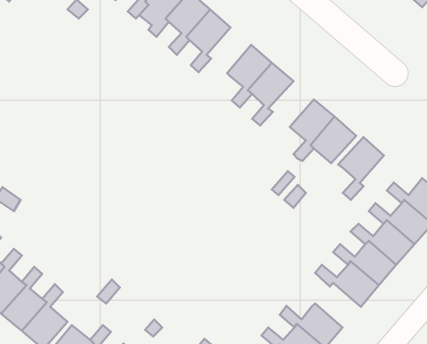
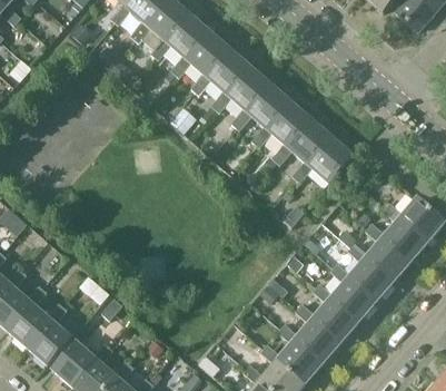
building: none -> [207,50,250,111]
building: [338,137,384,200] -> [267,102,311,164]
building: none -> [295,300,357,343]

